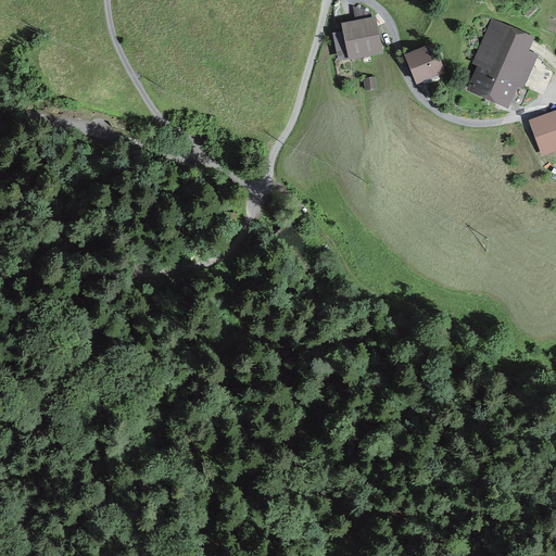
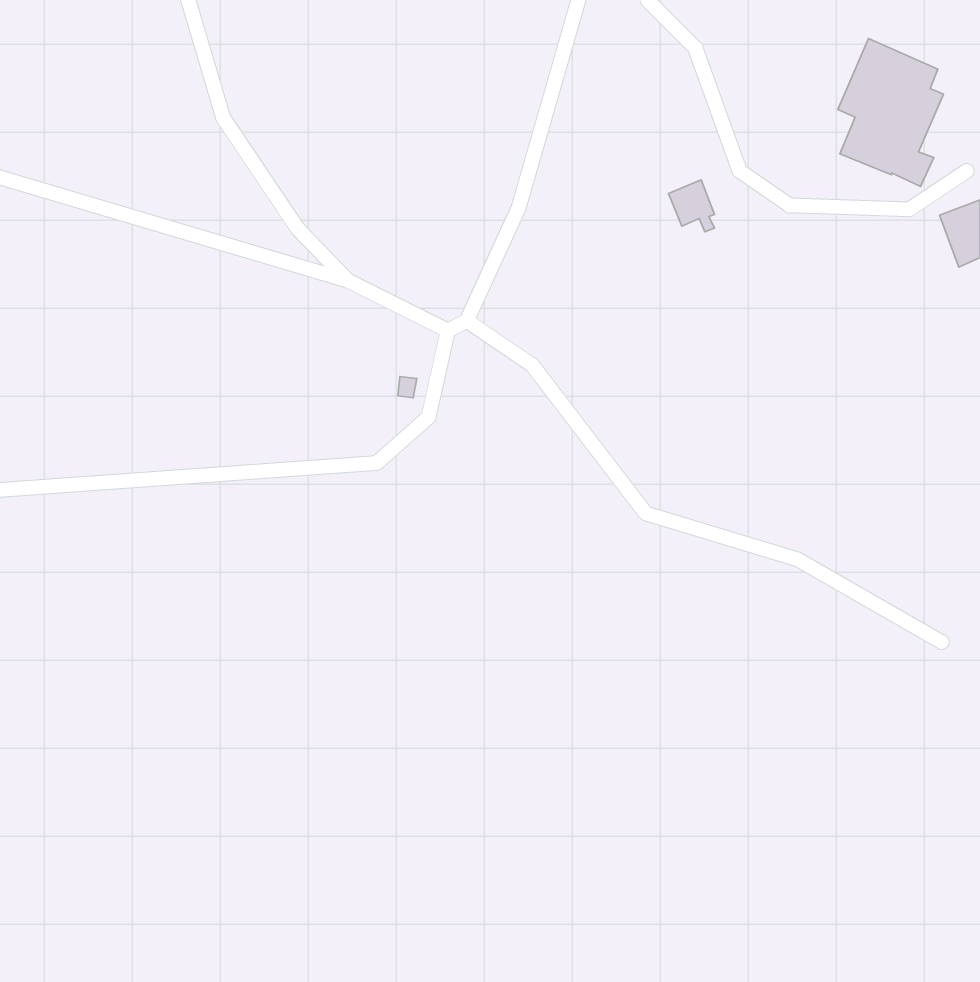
building: [334,22,376,55] -> none
building: [412,50,438,79] -> [668,180,715,232]

